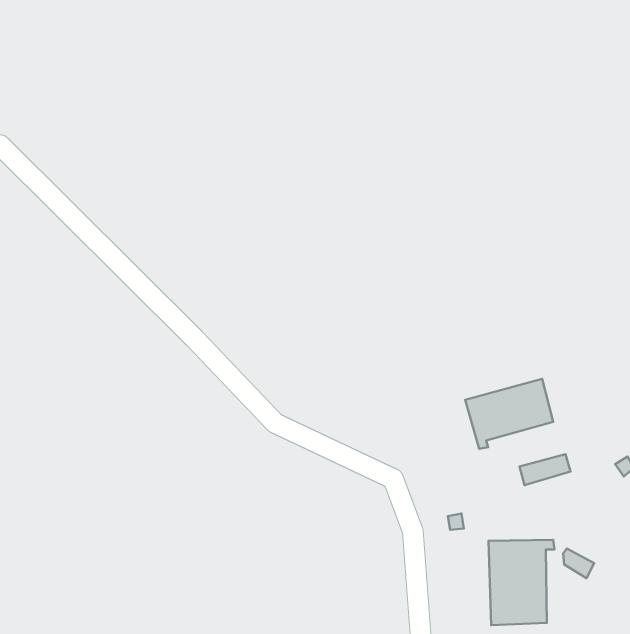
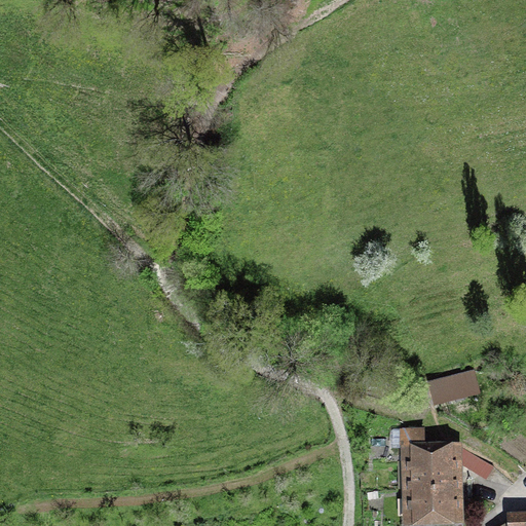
building: [465,379,553,449] -> none

